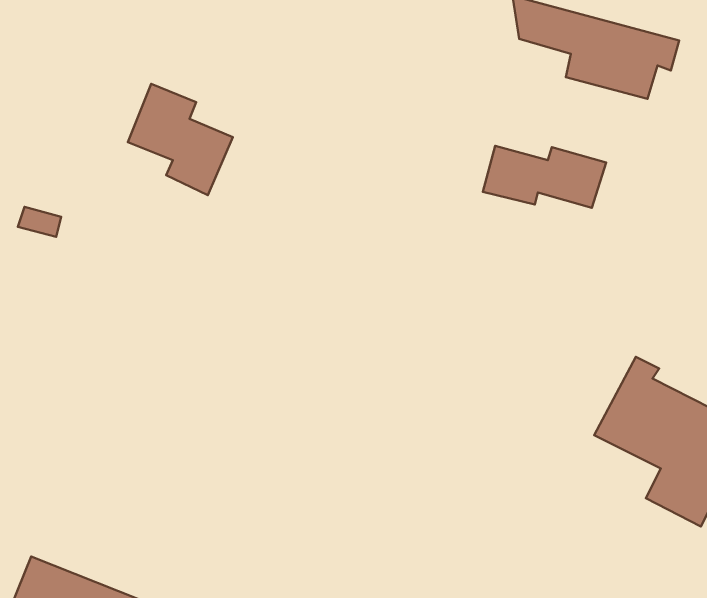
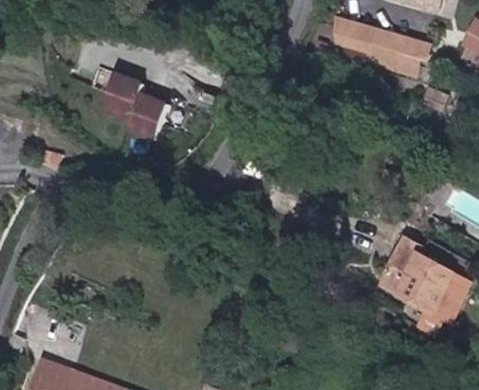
building: [483,146,606,208] -> none

